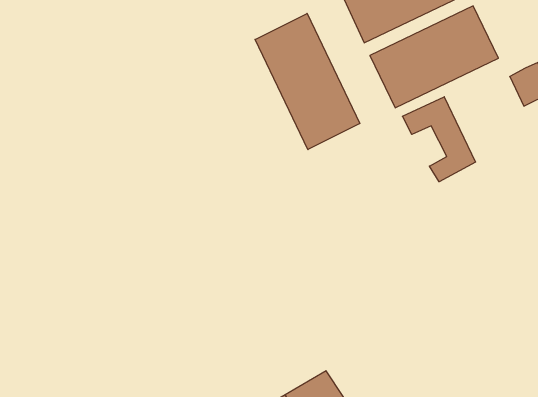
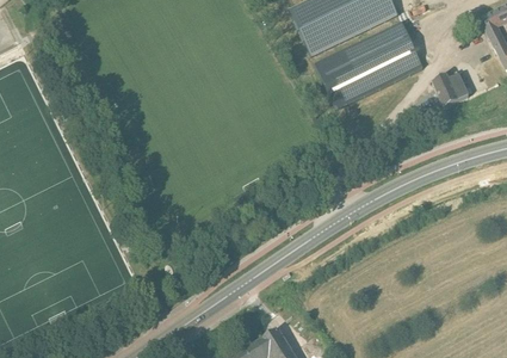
building: [255,13,360,150] -> none
building: [402,97,475,182] -> none

